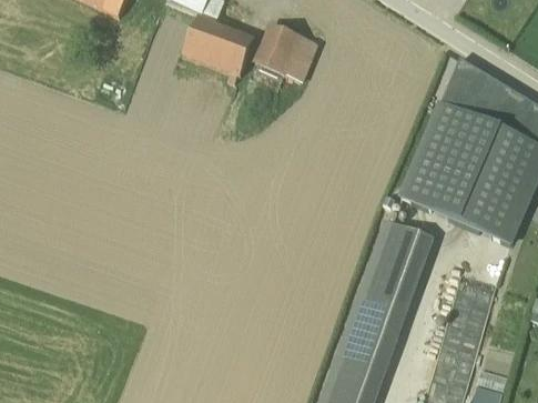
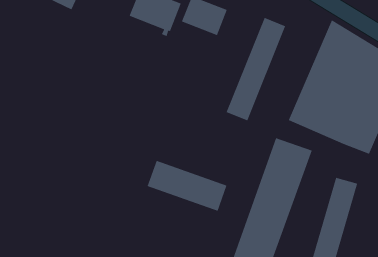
building: none -> [226,17,286,122]
building: none -> [146,160,228,212]

